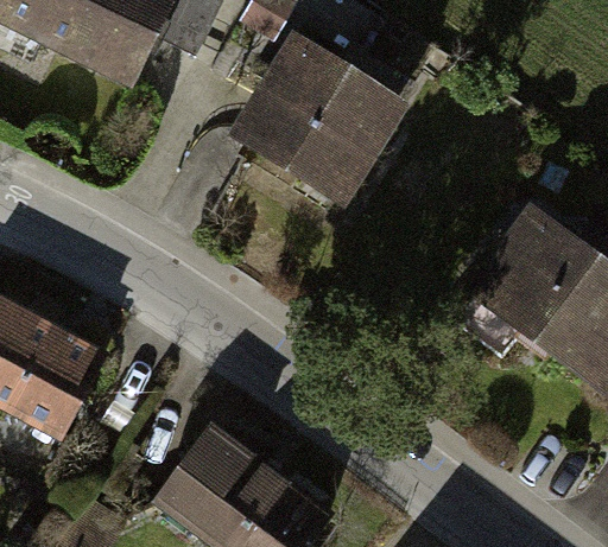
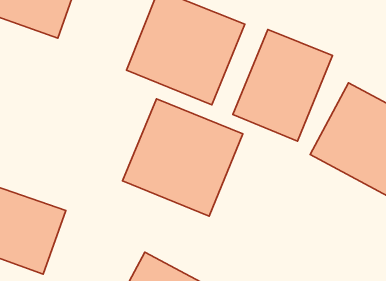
building: none -> [233,30,332,141]
building: none -> [122,99,243,216]

